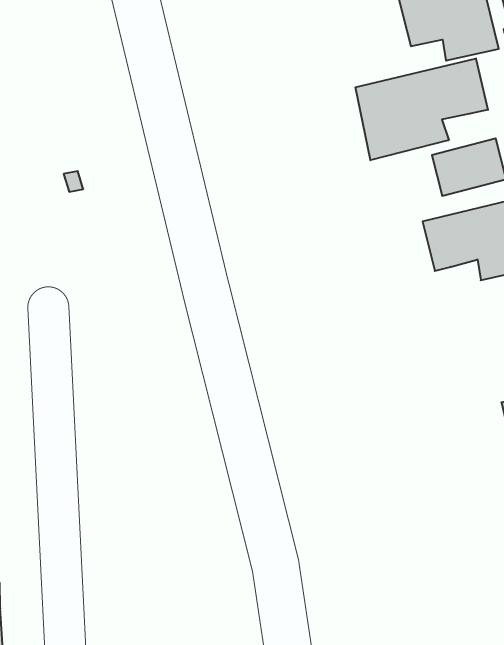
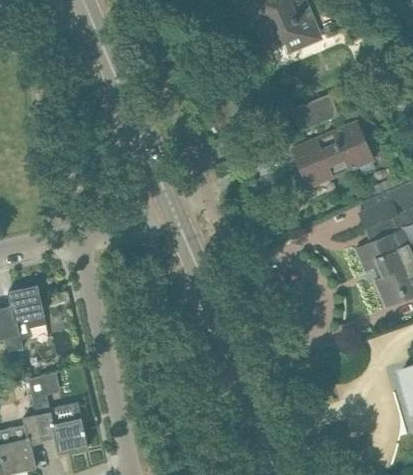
building: [356,58,488,160] -> none

